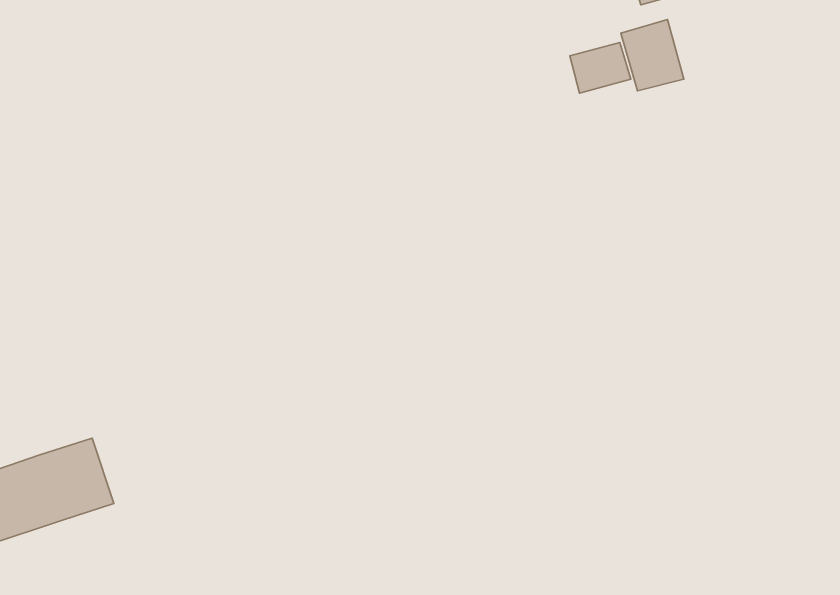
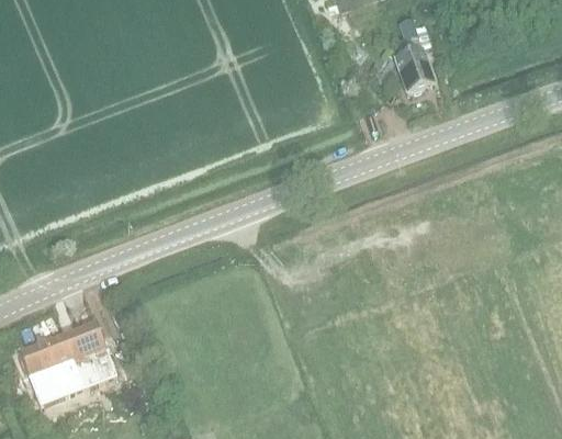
building: [570,43,631,93] -> none

